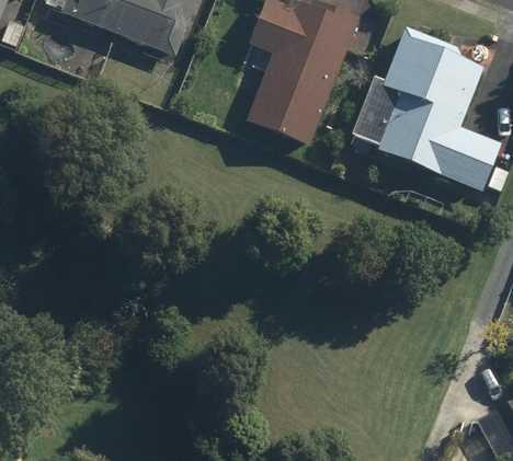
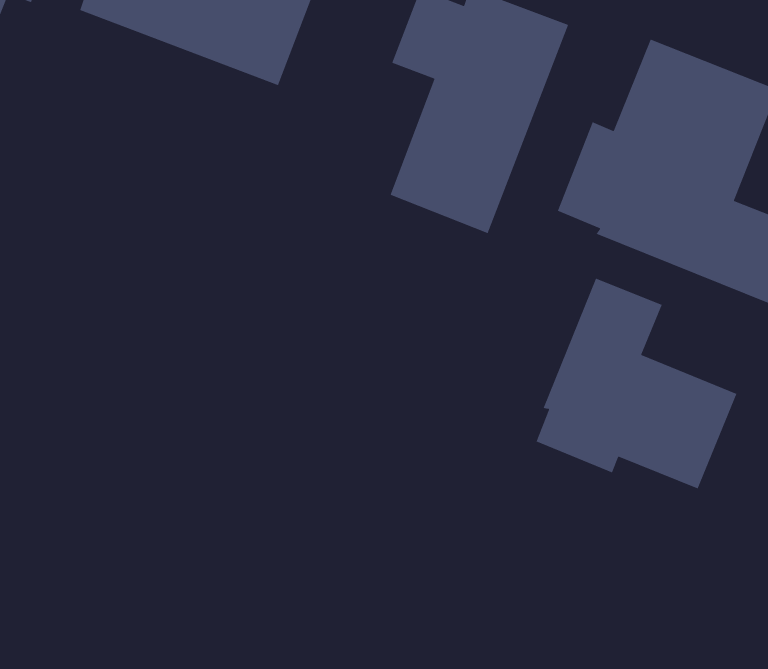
building: none -> [536,278,738,490]

